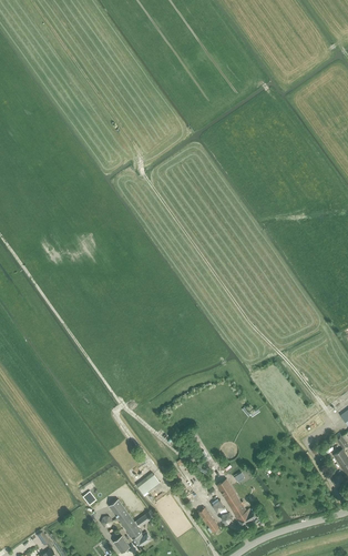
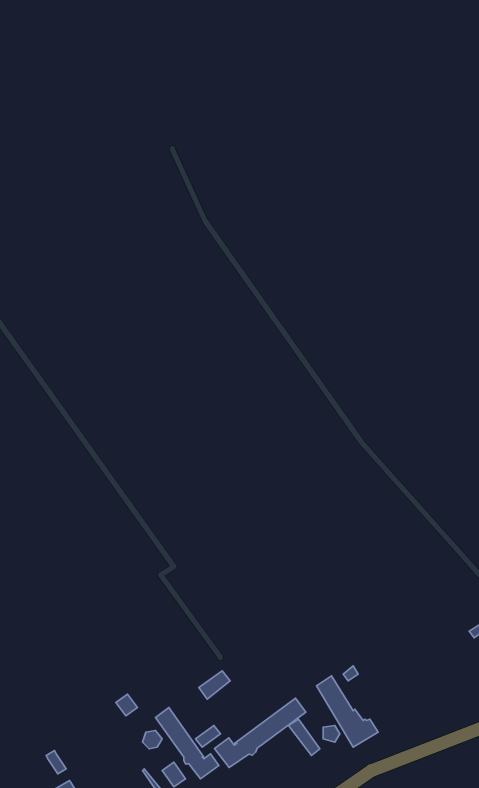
building: none -> [215,698,306,767]

